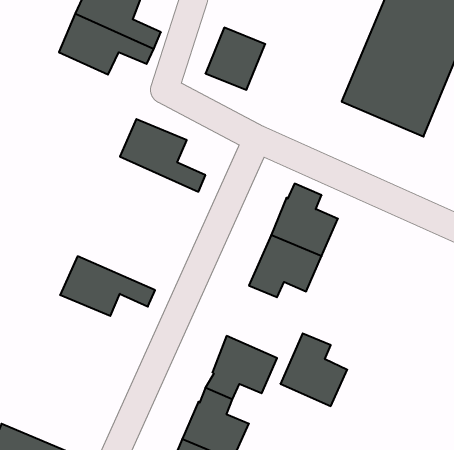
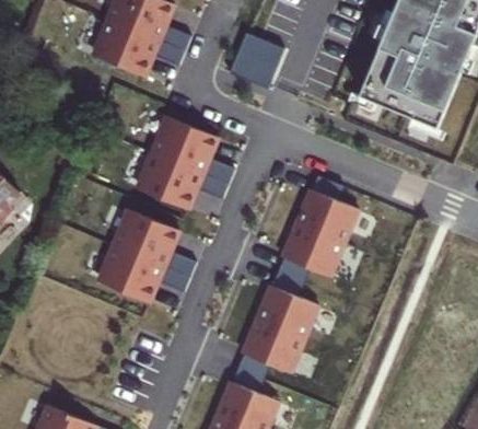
building: none -> [139,152,228,209]
building: none -> [115,209,194,277]
building: [280,333,347,406] -> [254,273,316,340]

